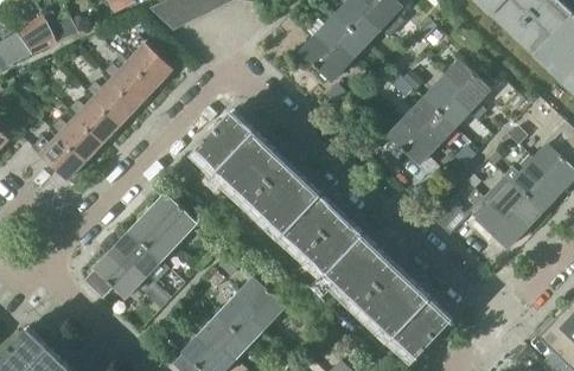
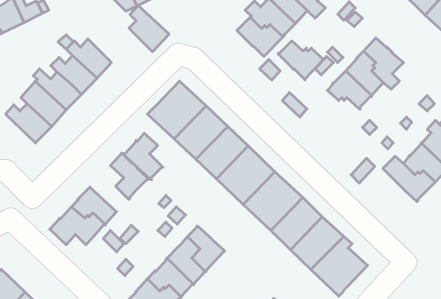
building: [126,37,172,90] -> [129,5,169,52]
building: [387,122,439,167] -> [278,41,324,80]
building: [128,209,173,262] -> [124,133,163,180]

